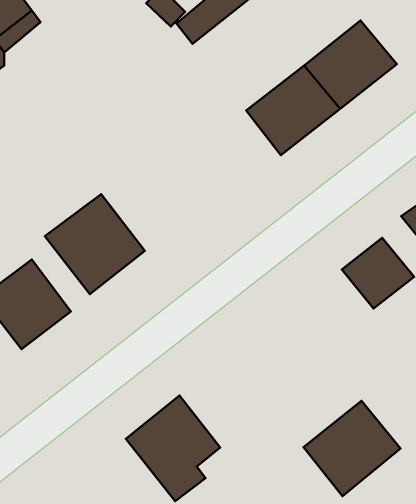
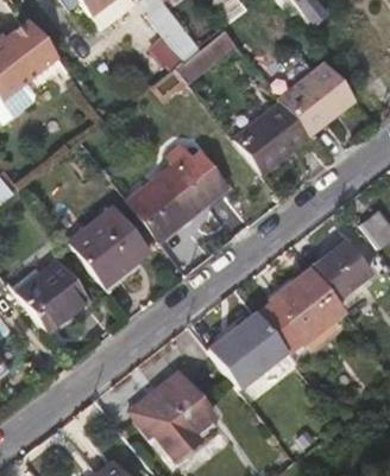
building: none -> [130,142,226,239]
building: none -> [271,267,345,339]
building: [303,401,400,496] -> [207,311,287,389]

